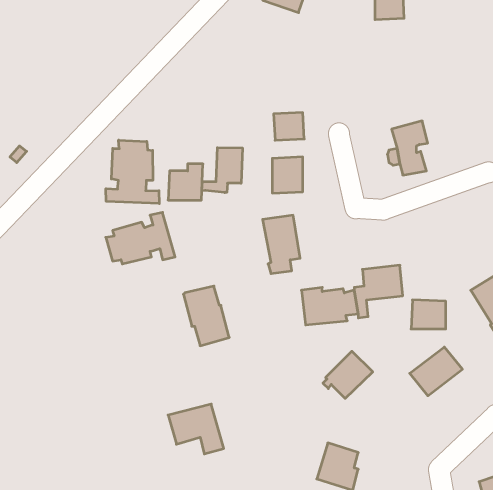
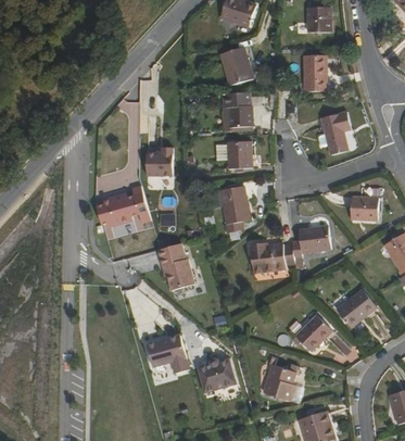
building: none -> [219,47,252,85]
building: none -> [303,55,327,91]
building: [106,140,159,204] -> none
building: [202,148,242,193] -> none
building: [411,300,446,329] -> [350,197,377,219]
building: [323,351,373,398] -> [292,314,331,351]
building: none -> [197,357,235,391]

